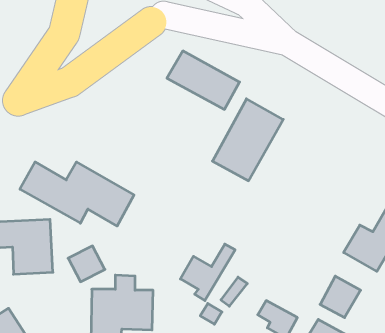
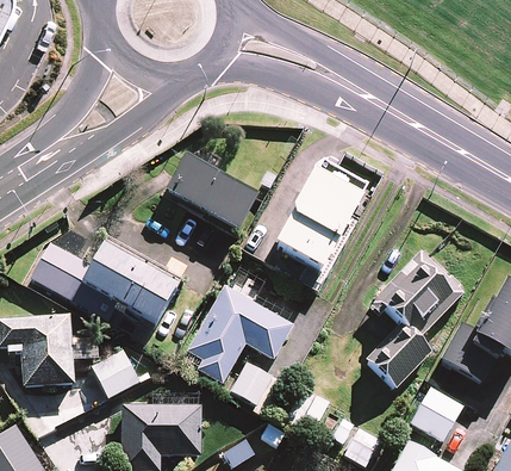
building: [167,51,240,109] -> [166,154,257,228]
building: none -> [367,248,467,388]
building: none -> [187,286,293,383]

